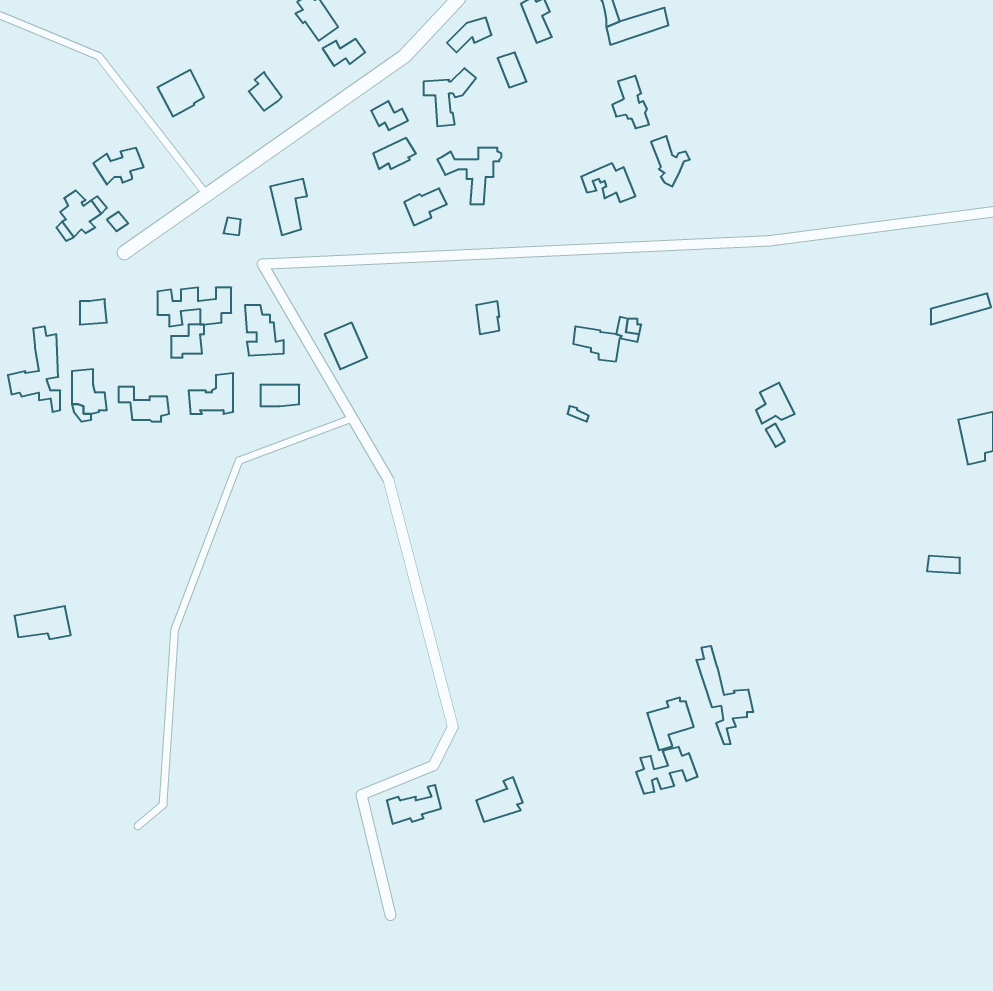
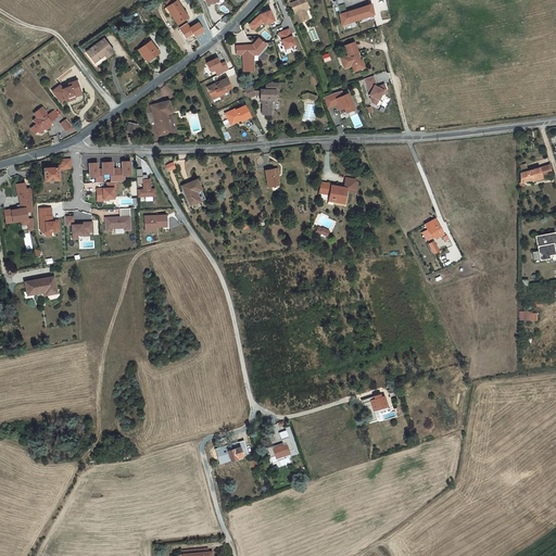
building: [14,606,71,639] -> [26,277,58,295]
building: [696,646,753,744] -> none
building: [636,747,697,794] -> none

